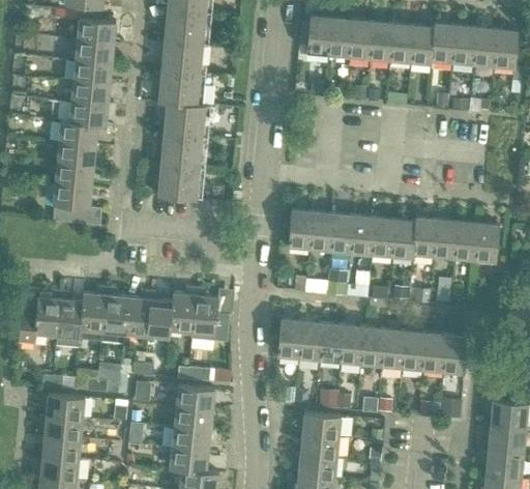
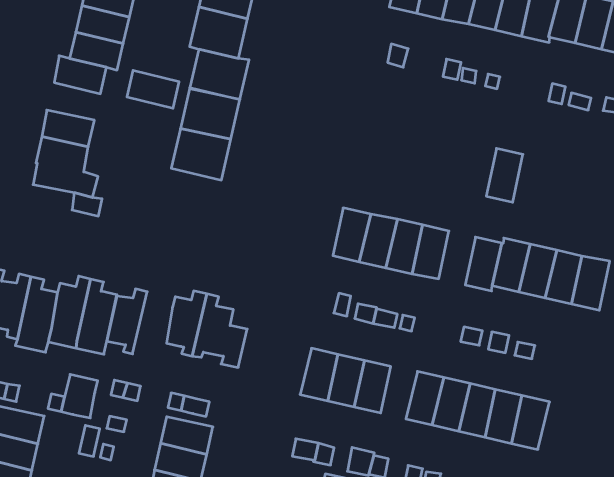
building: [57,143,95,168] -> [127,70,179,108]
building: [371,218,394,257] -> [486,148,523,202]
building: [145,293,171,343] -> none
building: [340,326,363,365] -> none

